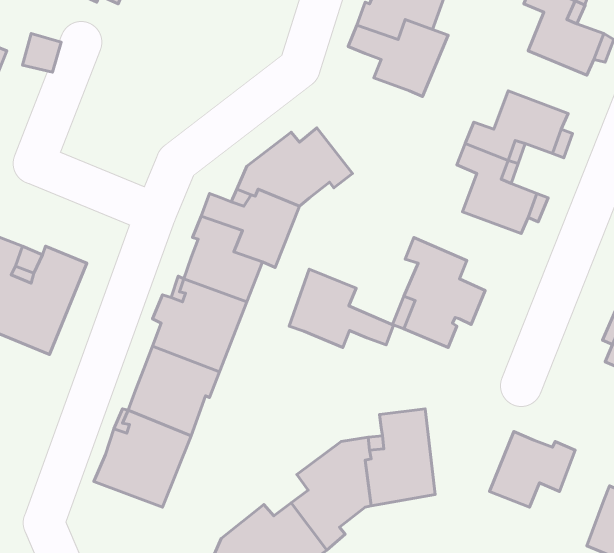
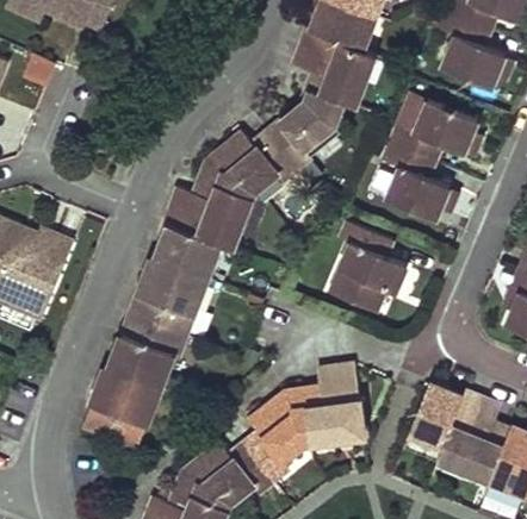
building: none -> [266,87,343,168]
building: [289,269,394,347] -> none
building: none -> [439,399,506,479]

